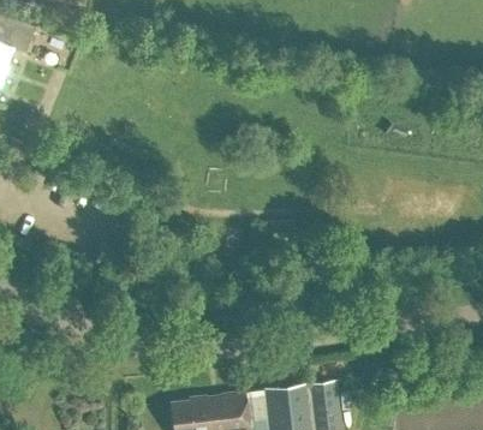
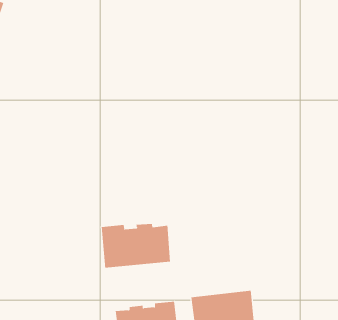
building: none -> [101,223,170,268]

